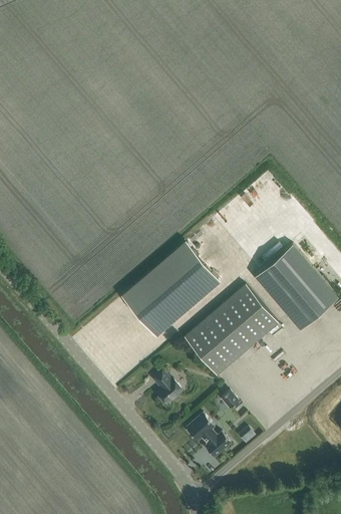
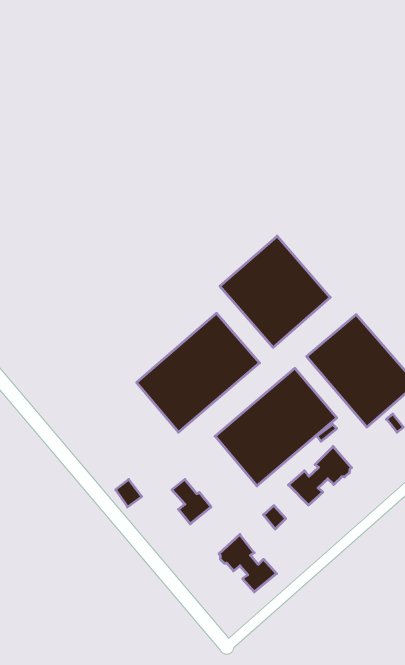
building: none -> [220,236,330,347]
building: none -> [288,446,352,505]

